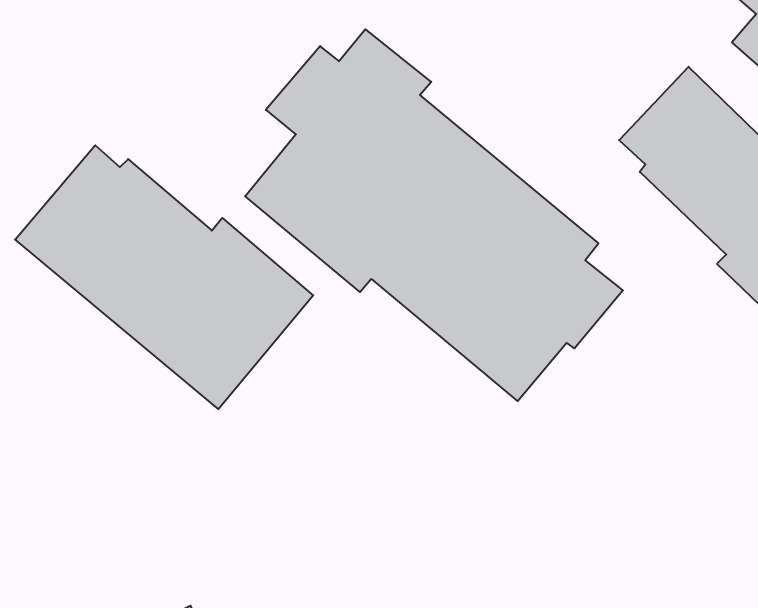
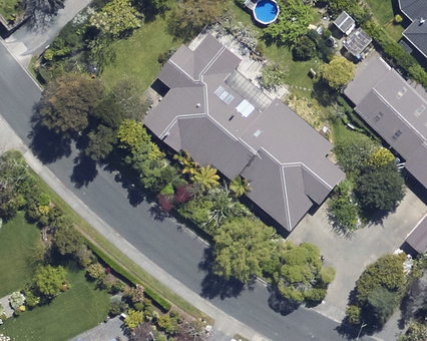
building: [15,145,313,409] -> none

